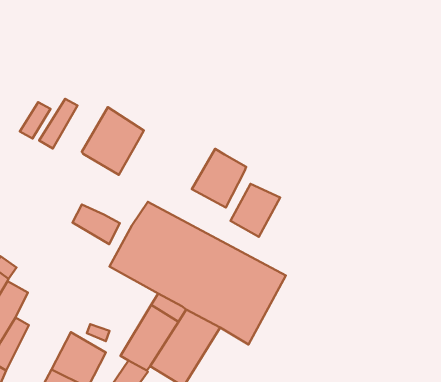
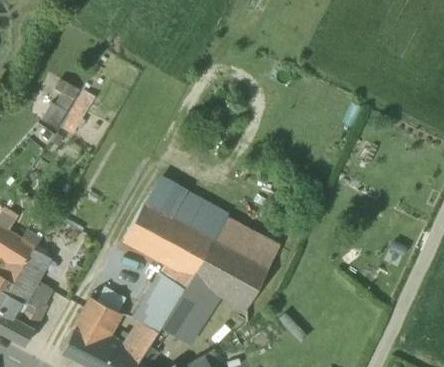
building: [82,107,144,175] -> none
building: [192,149,246,207] -> none
building: [230,184,280,237] -> none
building: [73,205,120,244] -> none

